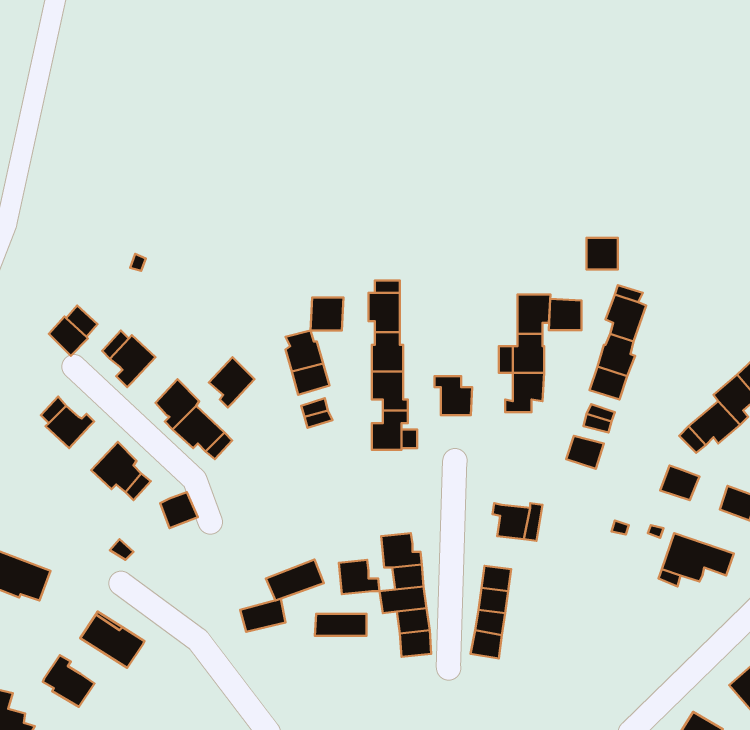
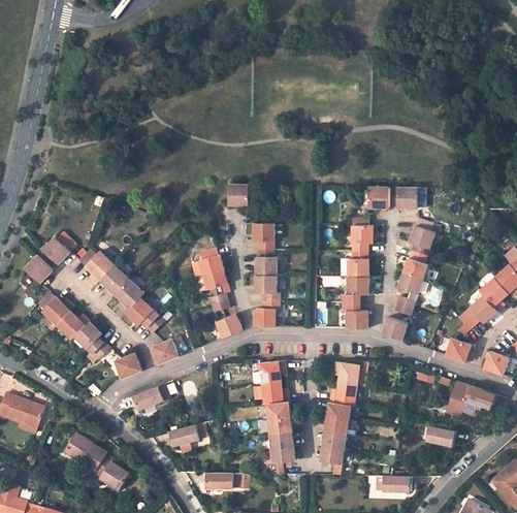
building: [311,298,344,331] -> [226,185,248,206]
building: [549,299,582,330] -> [367,187,389,207]
building: none -> [24,257,52,285]
building: [209,357,254,407] -> [97,266,127,299]
building: [435,376,472,415] -> [343,302,367,328]
building: none -> [56,312,88,341]
building: none -> [216,315,241,340]
building: none -> [153,340,179,364]
building: none -> [329,384,355,407]
building: [266,560,324,600] -> [132,383,170,410]
building: [339,560,380,594] -> [259,361,286,384]
building: none -> [424,426,454,447]
building: [315,614,366,636] -> [203,474,237,488]
building: [43,655,94,707] -> [93,455,127,489]
building: none -> [375,476,409,492]

